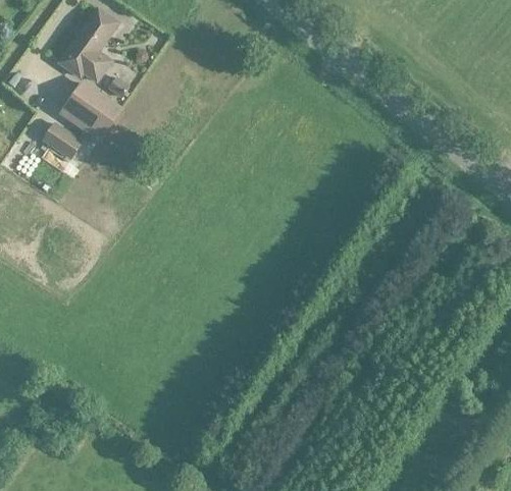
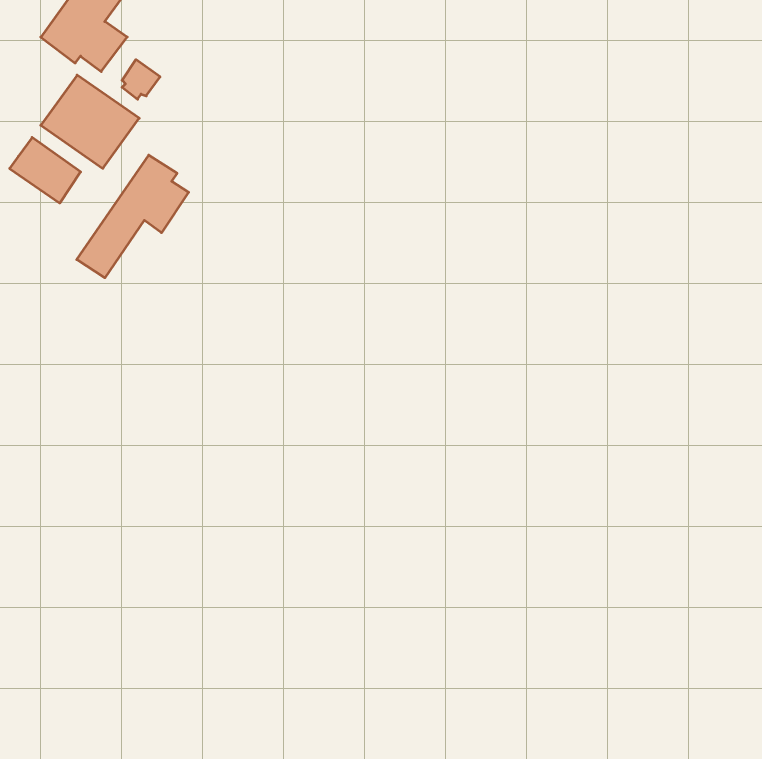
building: none -> [77,155,189,278]

